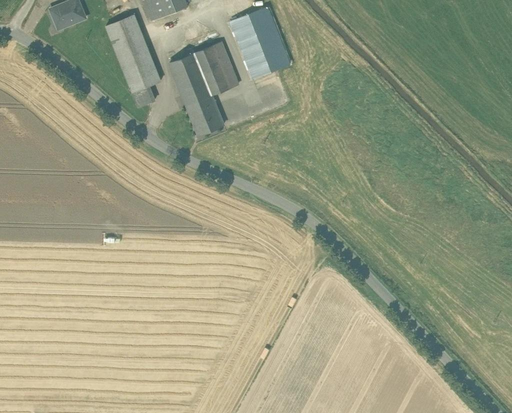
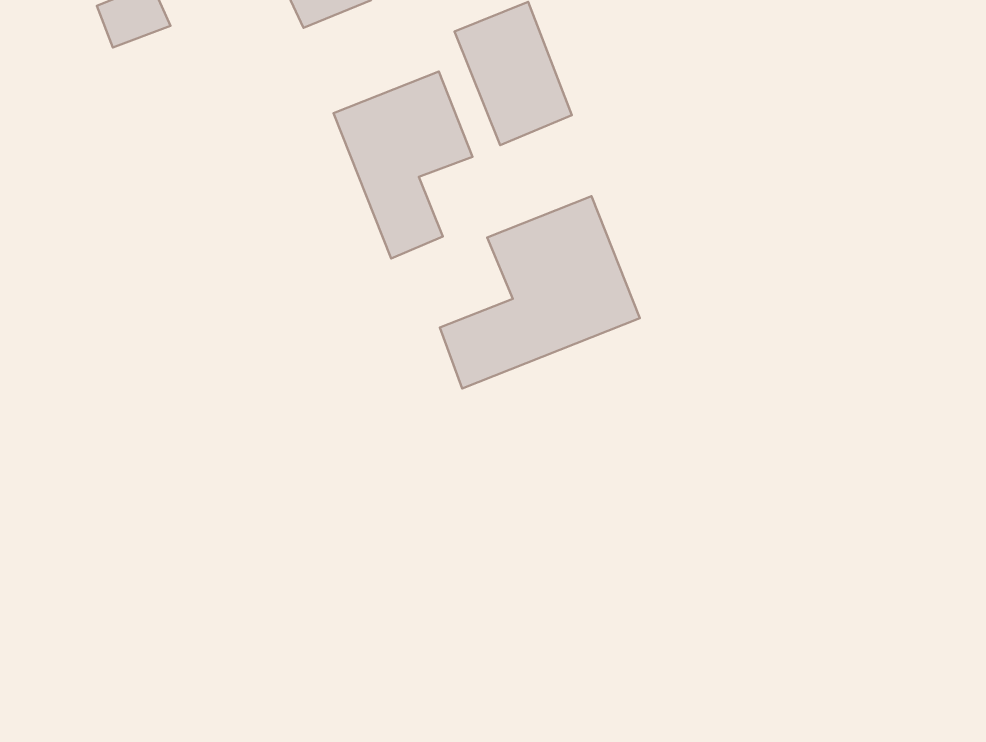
building: [105,14,160,106] -> none
building: none -> [440,196,640,388]

